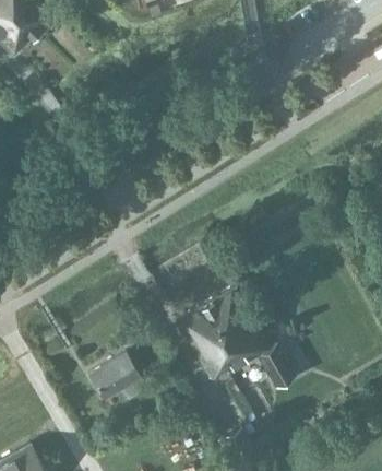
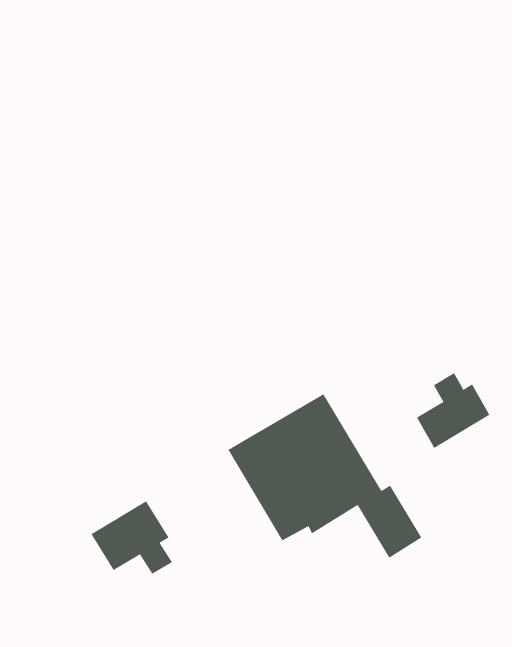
building: none -> [416,372,490,449]

